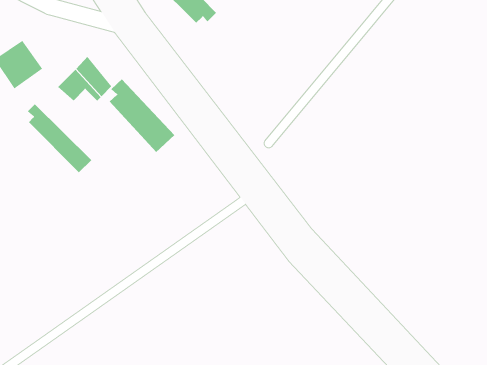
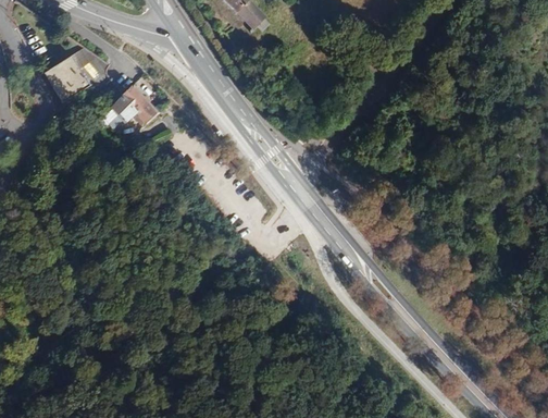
building: [109,79,175,153] -> none
building: [27,104,92,173] -> none

